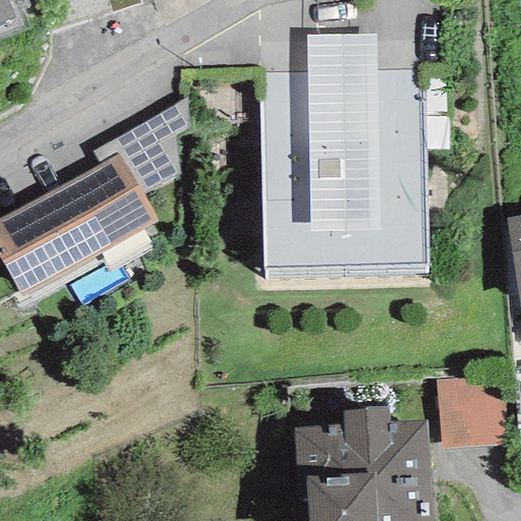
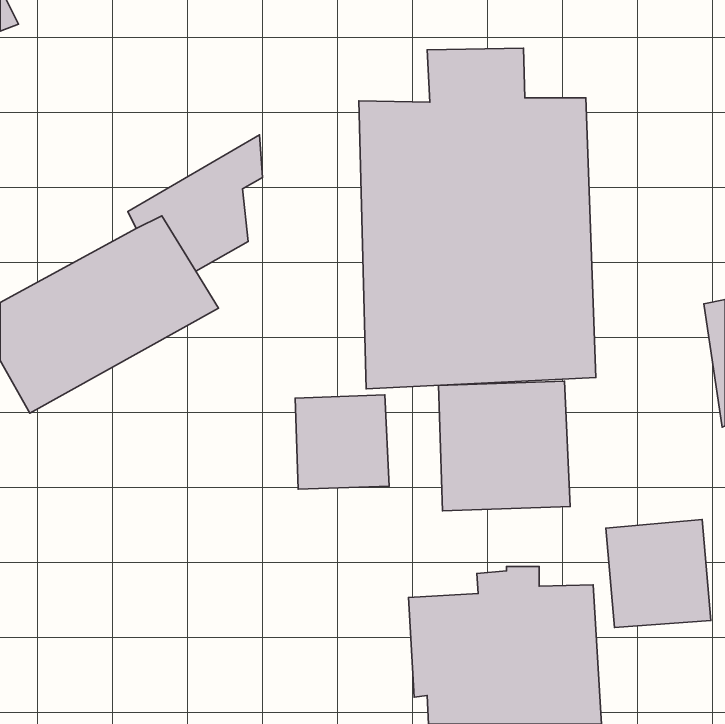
building: none -> [439,381,570,511]
building: none -> [295,395,389,489]

